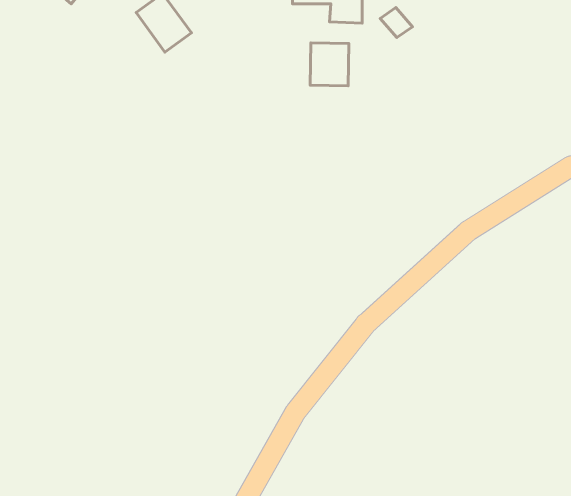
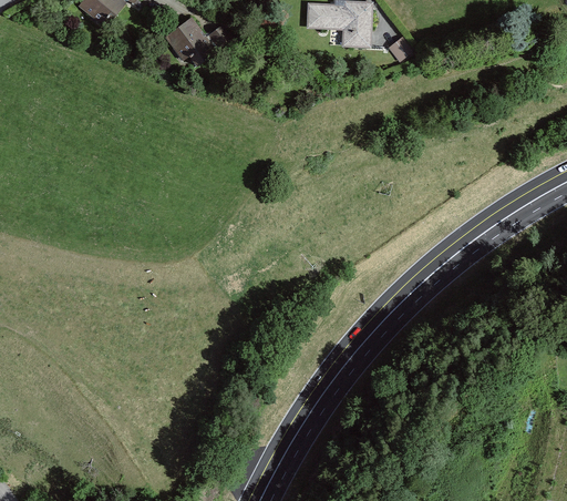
building: [310,43,349,86] -> none

